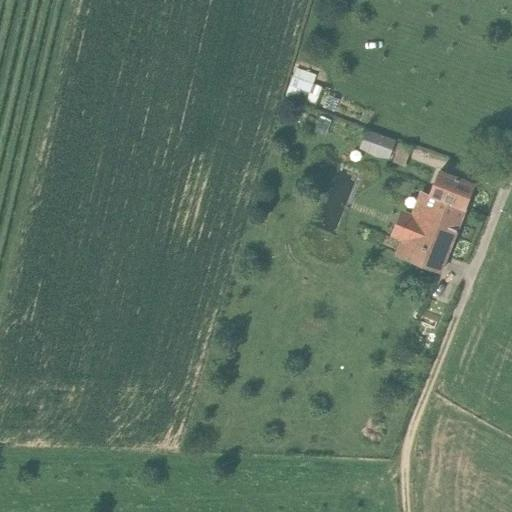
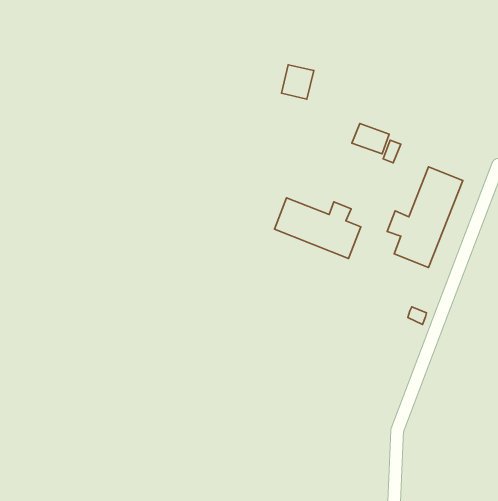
building: none -> [274,198,361,258]

